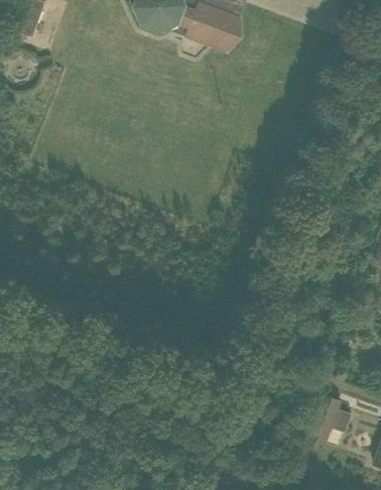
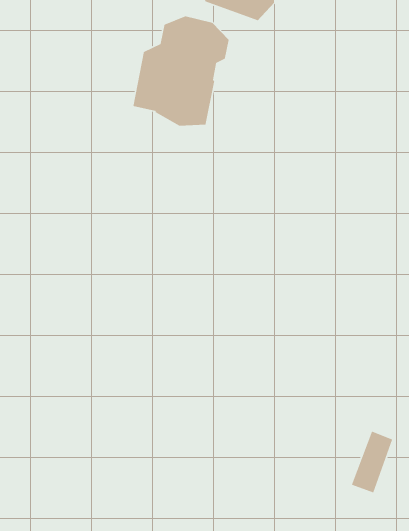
building: none -> [133,15,229,126]

